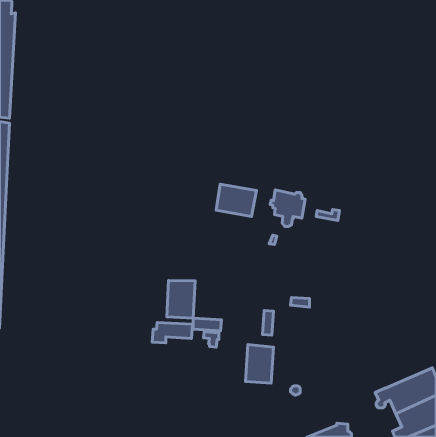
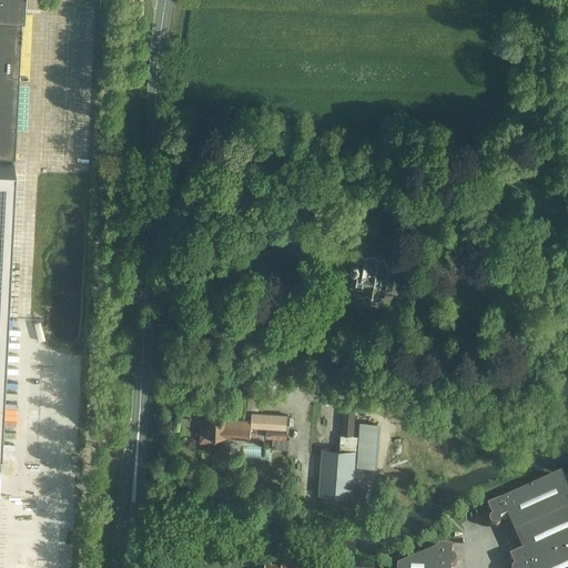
building: [216,184,256,217] -> none
building: [167,280,195,318] -> none
building: none -> [356,419,374,465]

